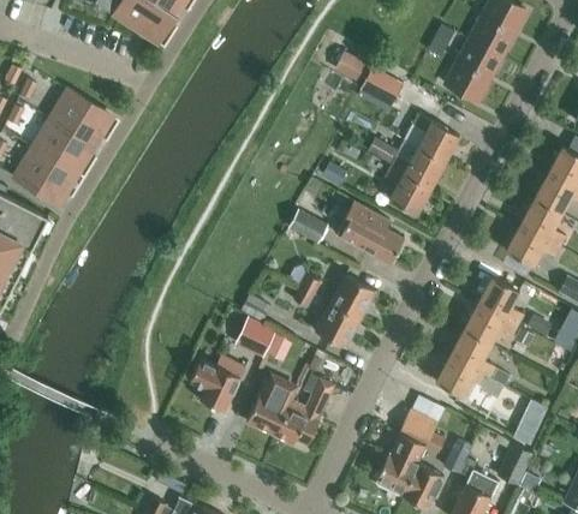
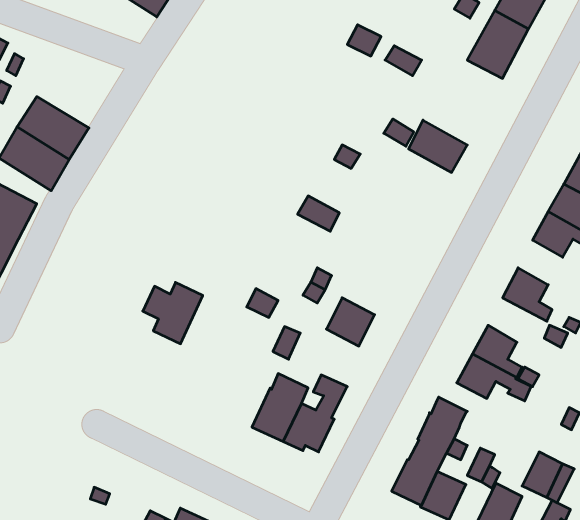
building: [48,90,114,148] -> none
building: [404,114,459,163] -> none
building: [385,167,430,215] -> none
building: [335,202,404,263] -> none
building: [329,275,375,319] -> none
building: [464,304,518,345] -> none
building: [237,319,275,355] -> none
building: [190,355,245,412] -> [143,282,203,344]

